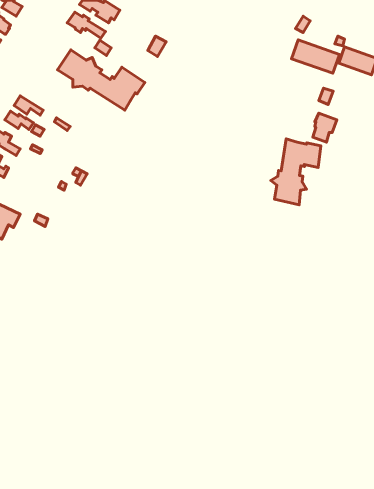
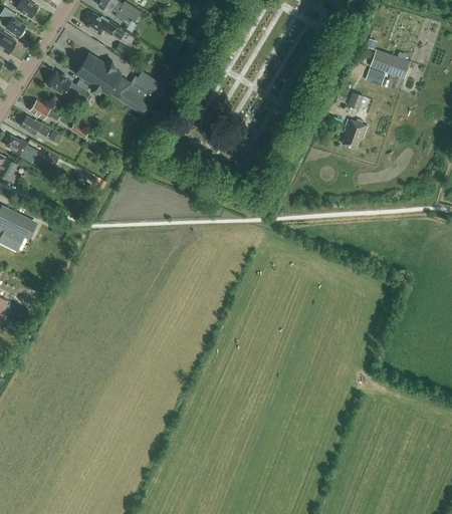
building: [292,40,340,73] -> none
building: none -> [47,72,89,98]
building: [271,139,321,205] -> none

